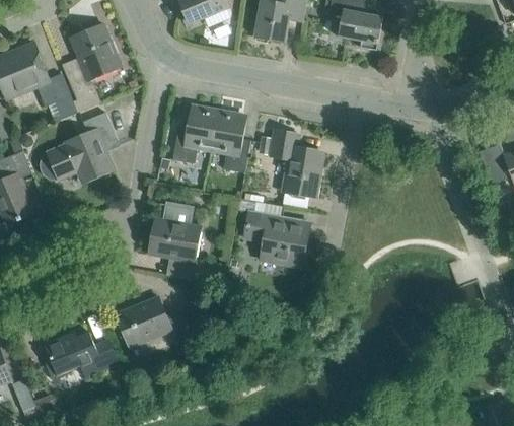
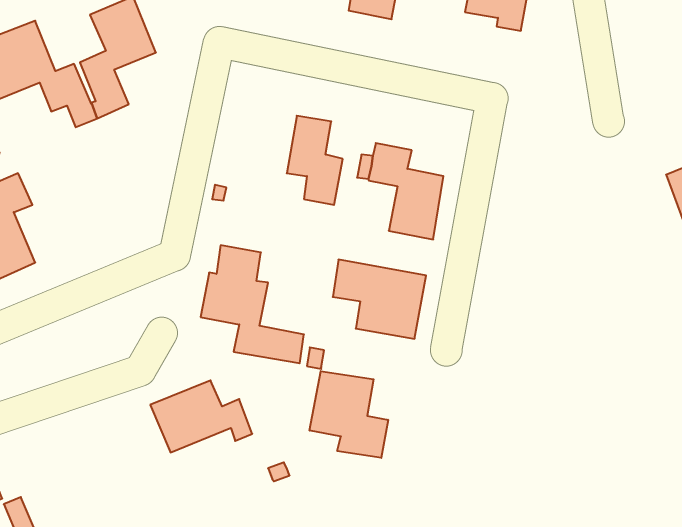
building: [172,106,218,164] -> none
building: [49,113,119,182] -> none
building: none -> [310,371,388,458]
building: [44,332,119,380] -> none

